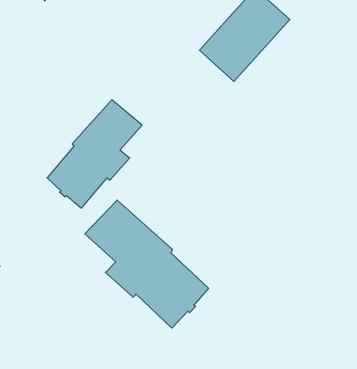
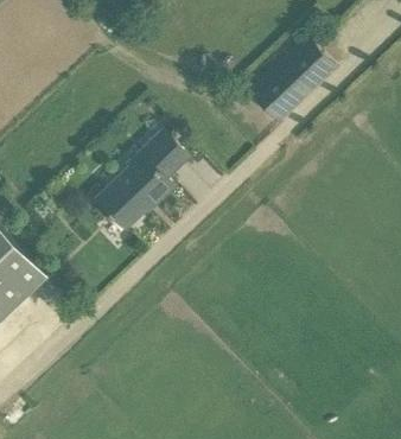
building: [85,200,208,328] -> none

